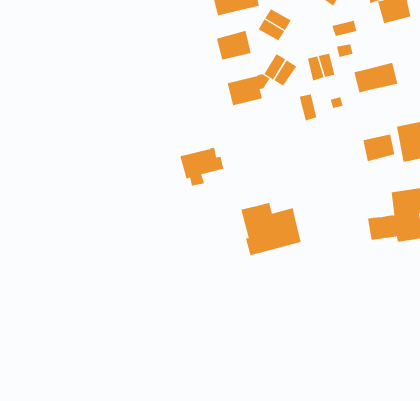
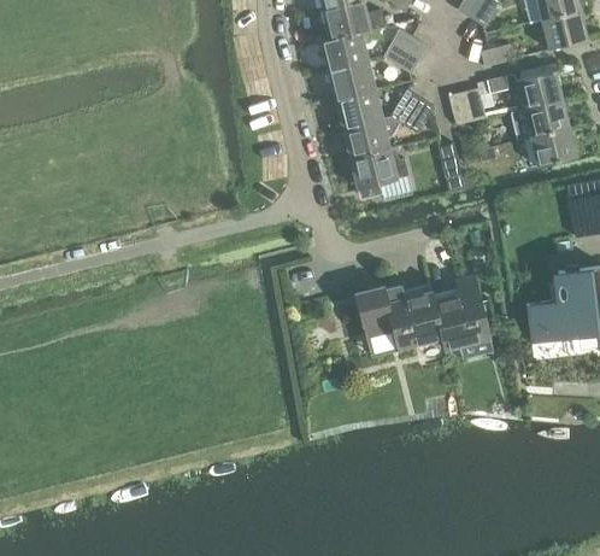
building: none -> [320,30,367,68]
building: none -> [517,69,561,109]
building: none -> [335,87,382,127]
building: [363,134,395,162] -> [531,128,575,165]
building: [179,147,224,186] -> [349,145,408,197]
building: none -> [433,277,489,349]

